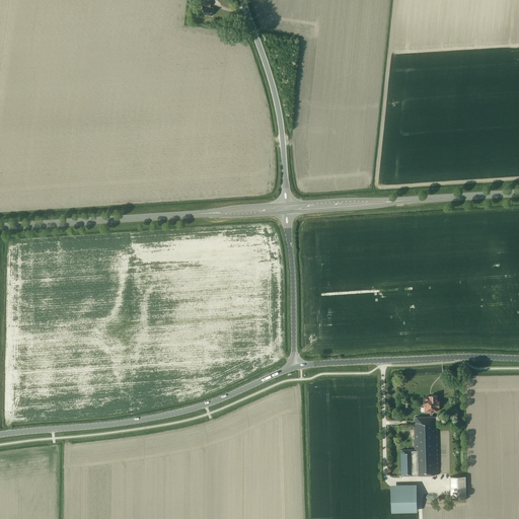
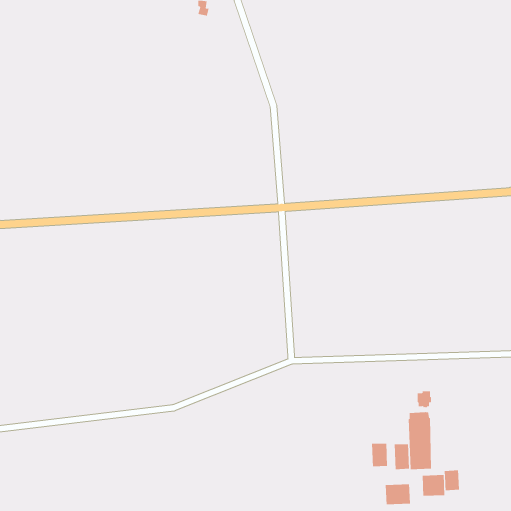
building: none -> [371,443,388,467]
building: none -> [422,474,445,497]

